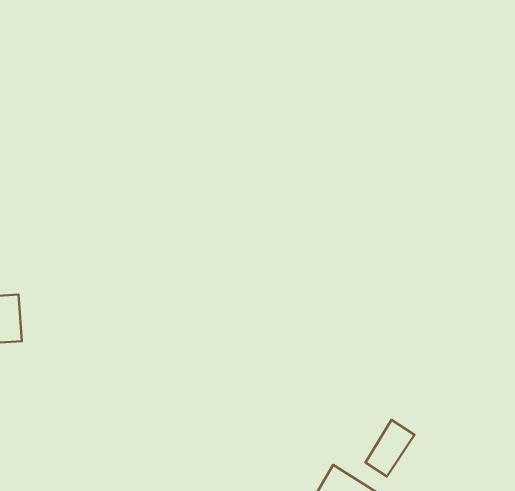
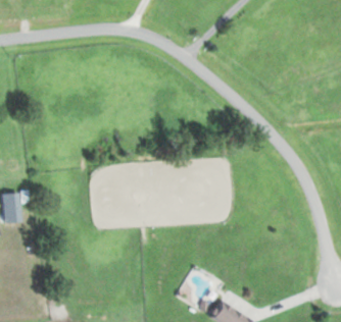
building: [365,420,414,476] -> none

